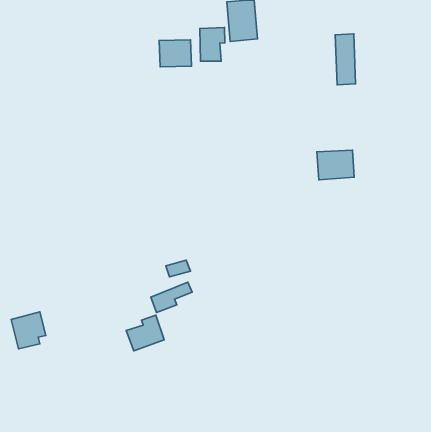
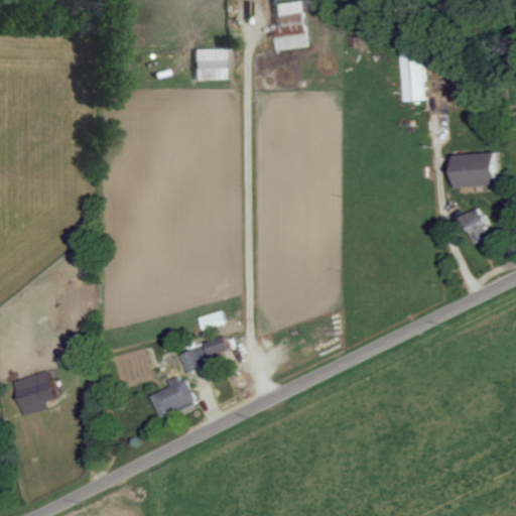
building: [200,27,225,61] -> none
building: [317,150,354,180] -> [452,153,496,188]
building: none -> [459,208,490,244]

